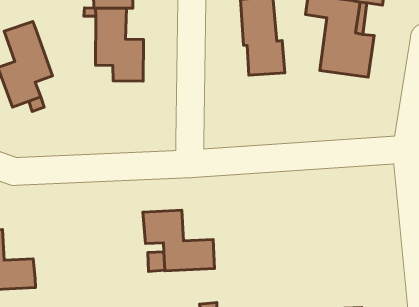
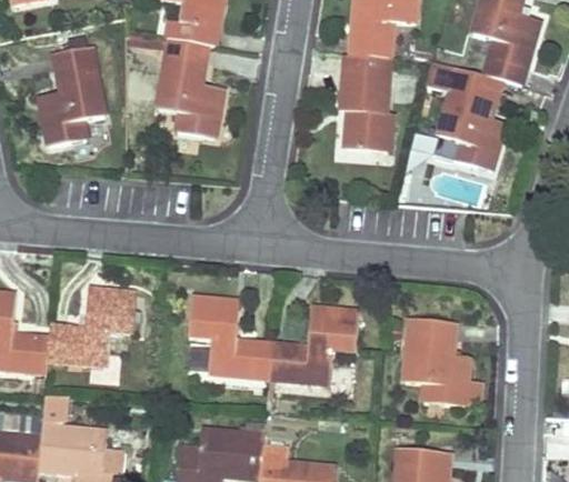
building: none -> [405,318,469,405]
building: none -> [269,308,359,383]
building: none -> [48,288,136,363]

